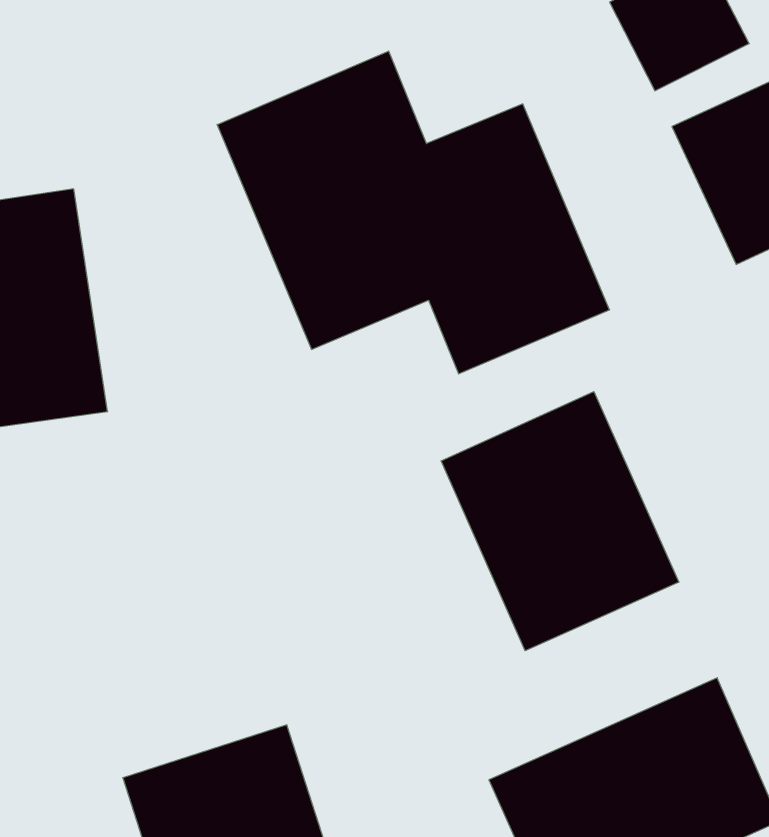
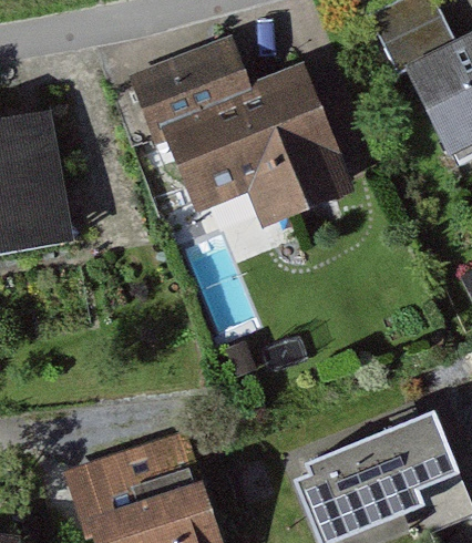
building: [441,392,679,651] -> none

